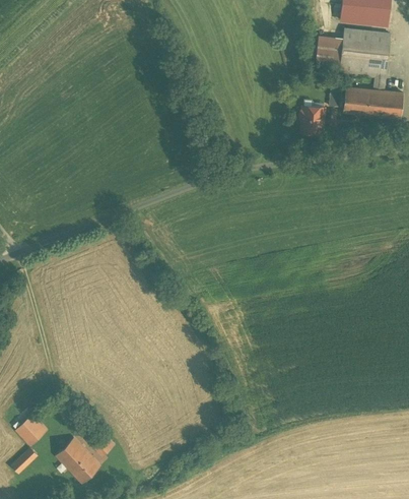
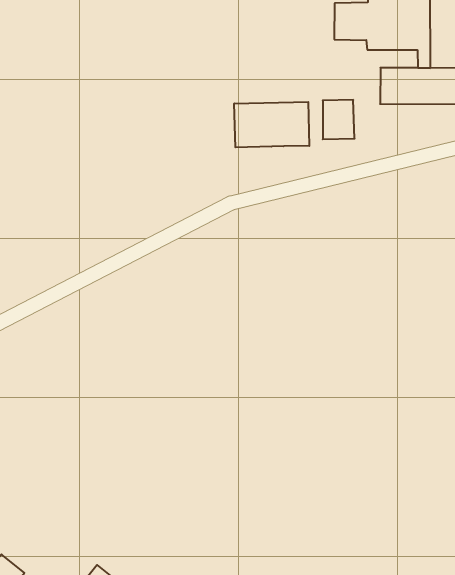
building: none -> [234,102,309,147]

